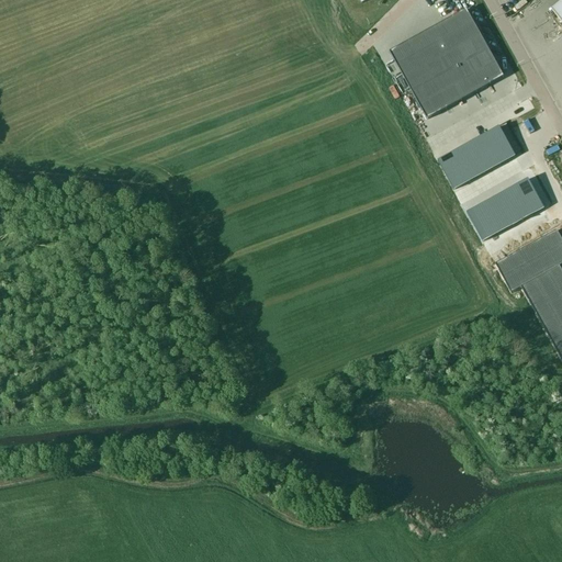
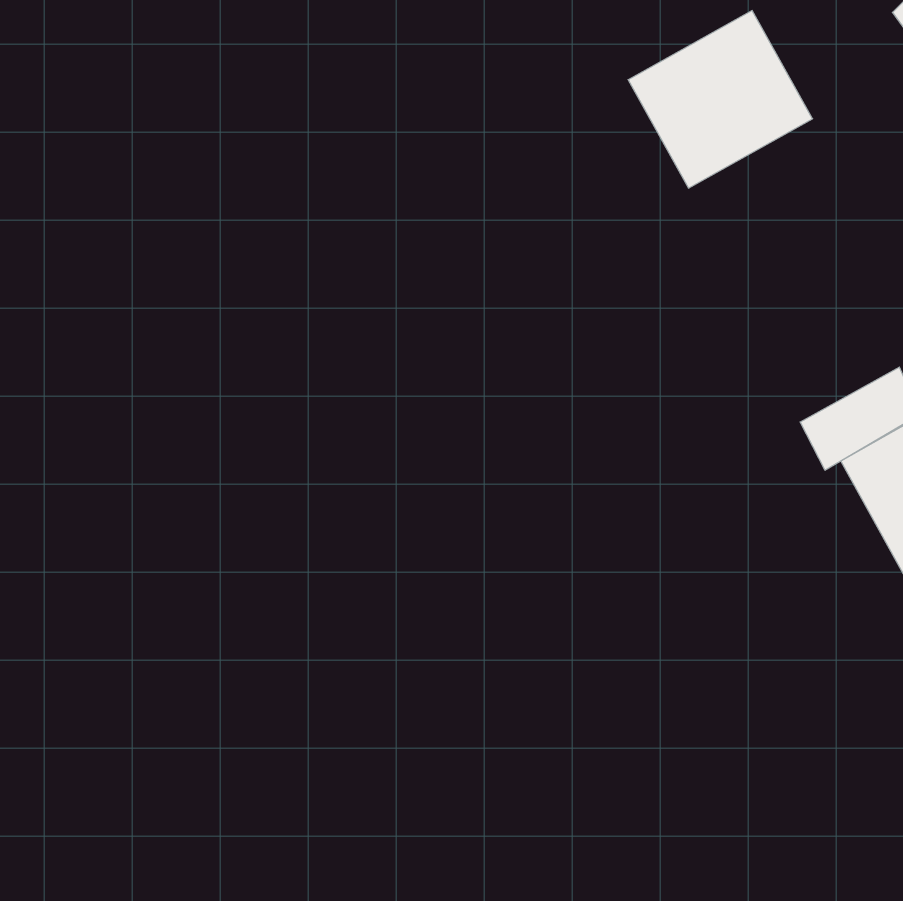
building: [439,124,517,187] -> none
building: [469,176,546,238] -> none

